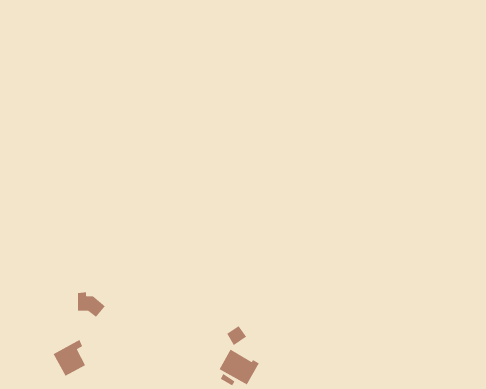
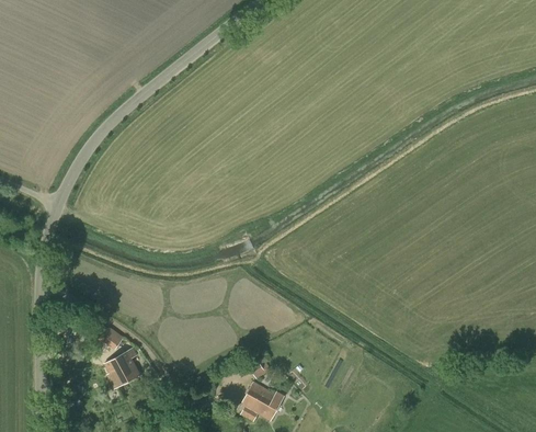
building: [52,339,86,377] -> [104,348,139,387]

